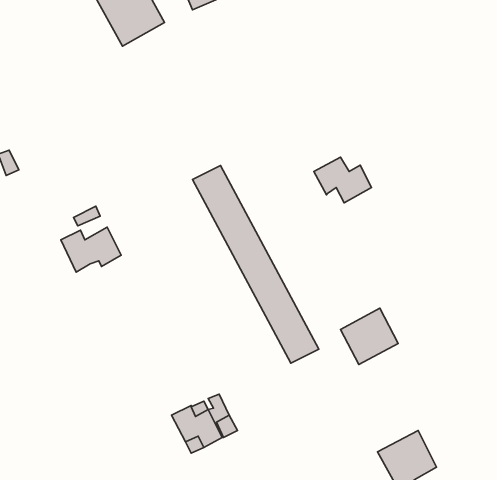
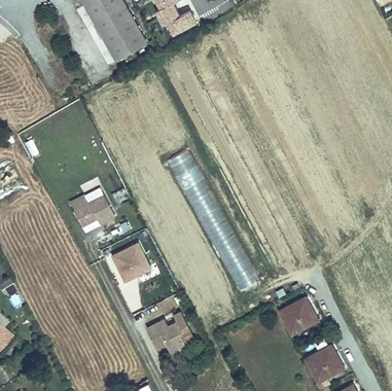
building: [314,157,372,203] -> none
building: none -> [110,241,151,282]
building: [341,308,398,364] -> [278,296,320,337]

